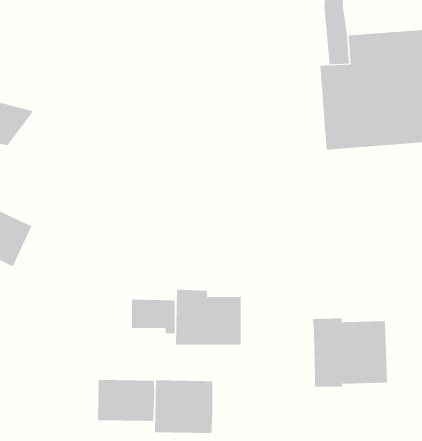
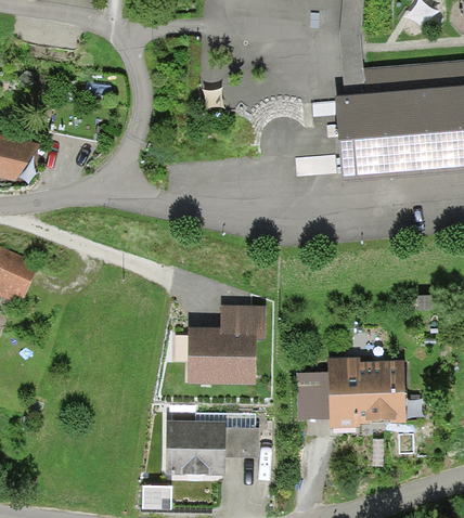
building: [131,299,175,334] -> [220,303,266,339]
building: none -> [296,371,330,418]
building: [97,379,155,422] -> none
building: none -> [225,426,259,457]

